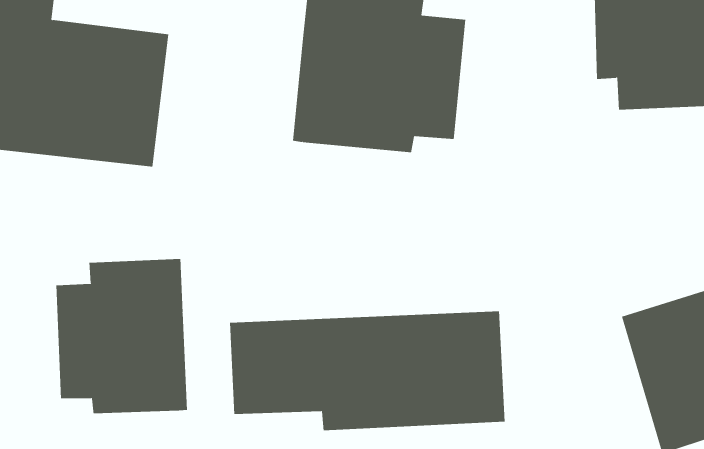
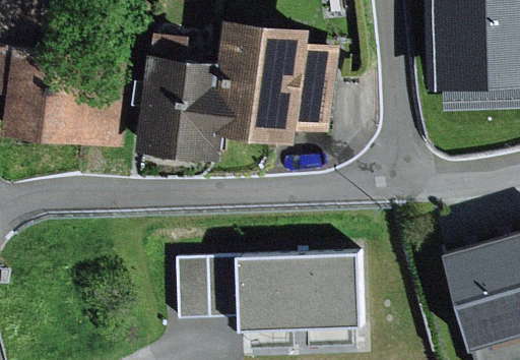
building: none -> [139,53,225,158]
building: [56,258,187,414] -> none

